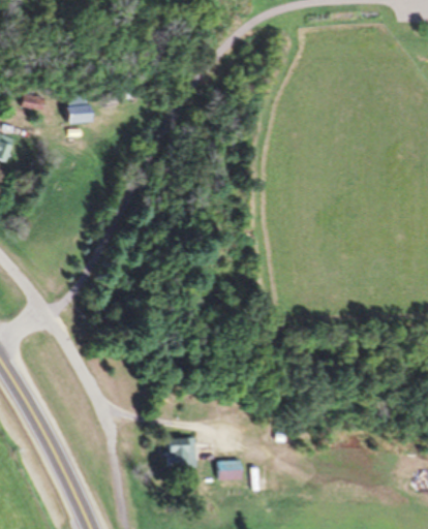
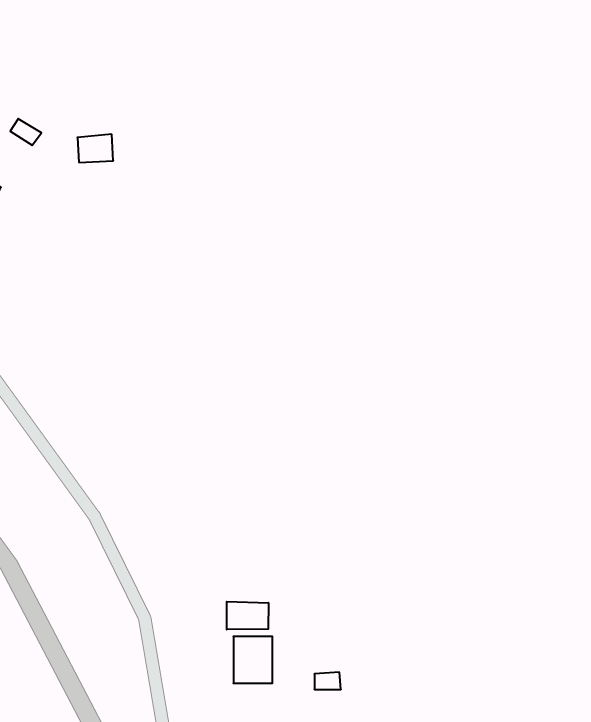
building: none -> [227,602,268,630]

